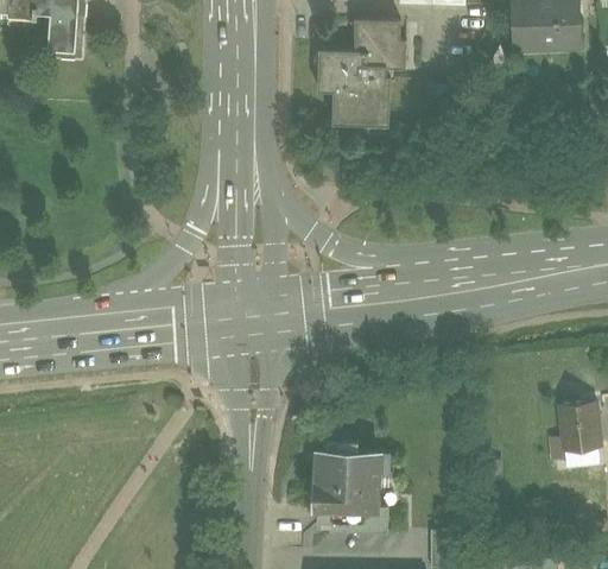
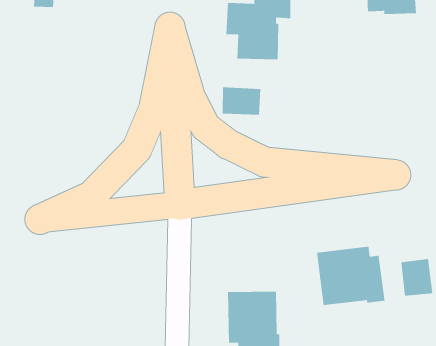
building: none -> [222,86,261,115]
building: none -> [317,246,385,306]

